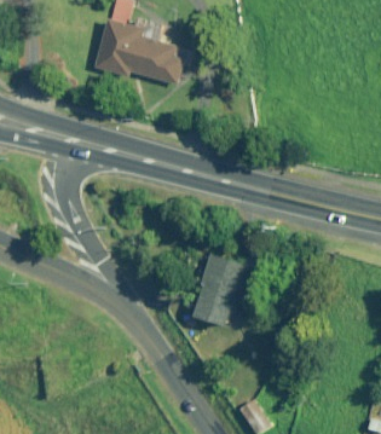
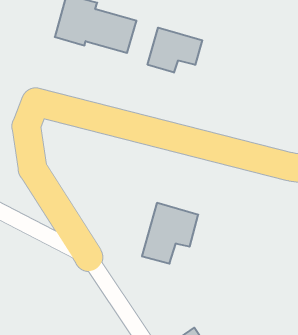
building: none -> [148,28,202,73]

